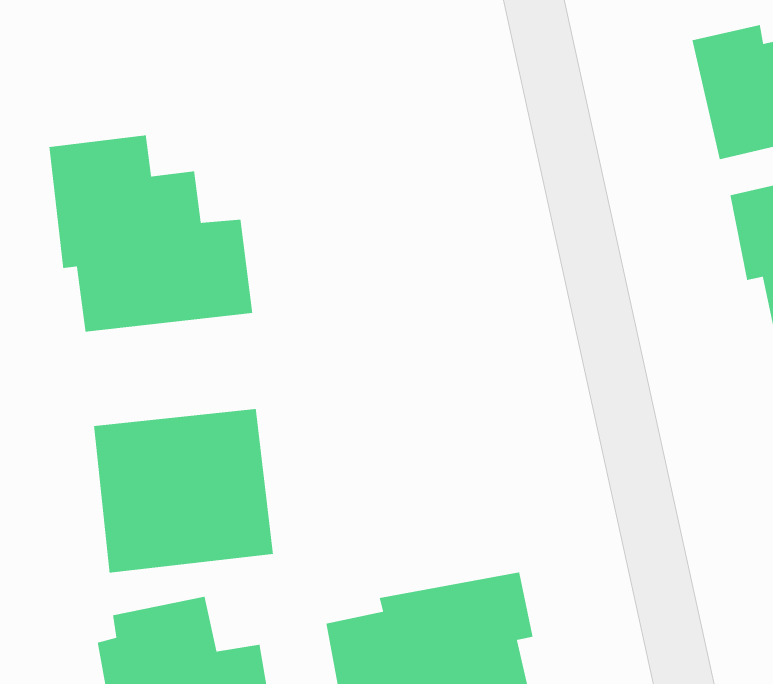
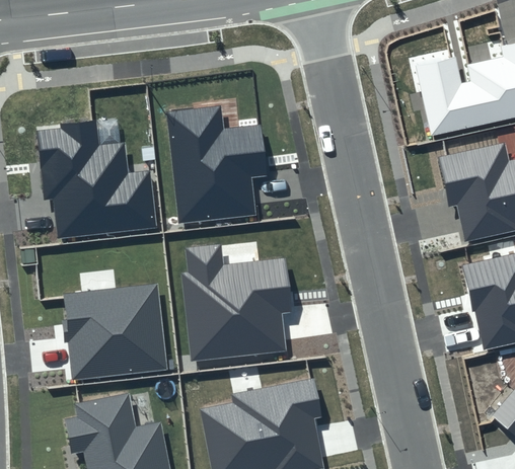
building: none -> [167,105,268,224]
building: none -> [181,244,291,361]

